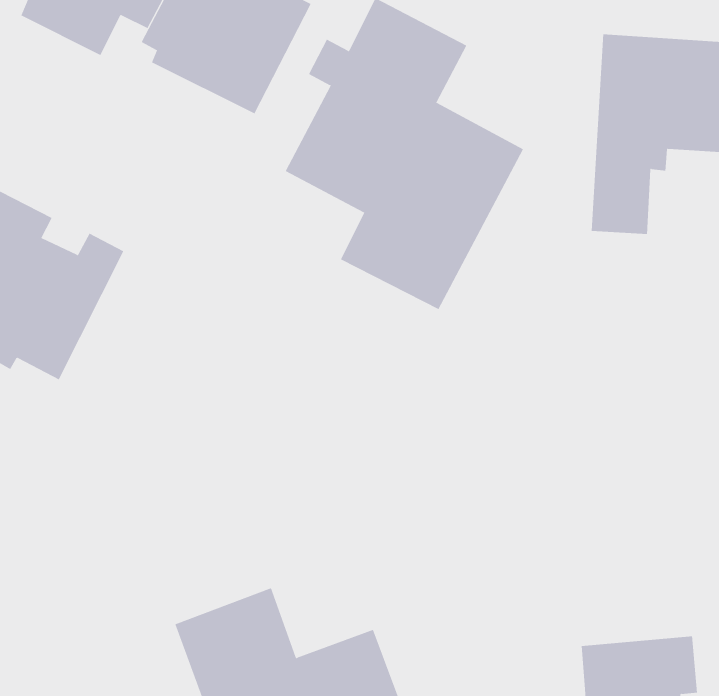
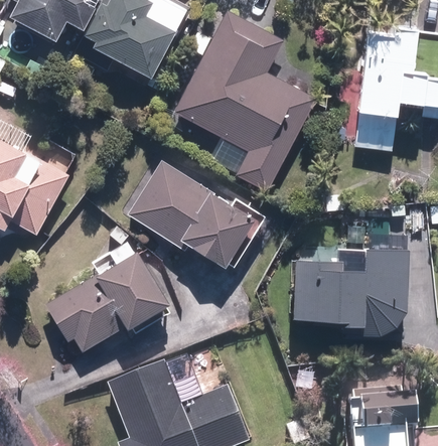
building: none -> [124,158,265,270]
building: none -> [297,242,411,333]
building: none -> [44,248,175,351]

